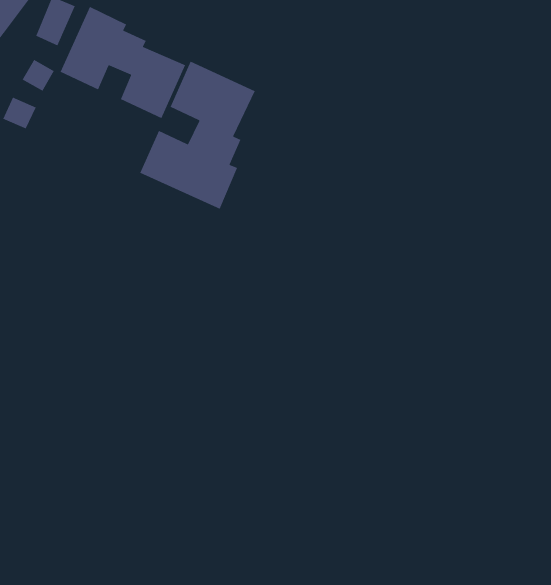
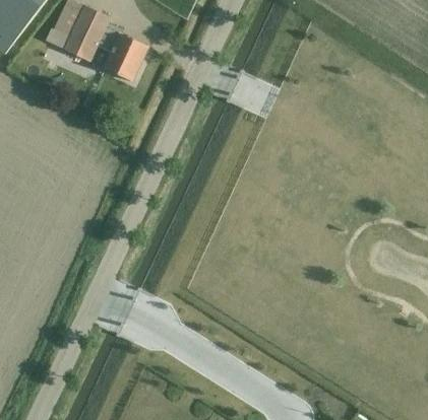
building: [139,61,256,210] -> none

